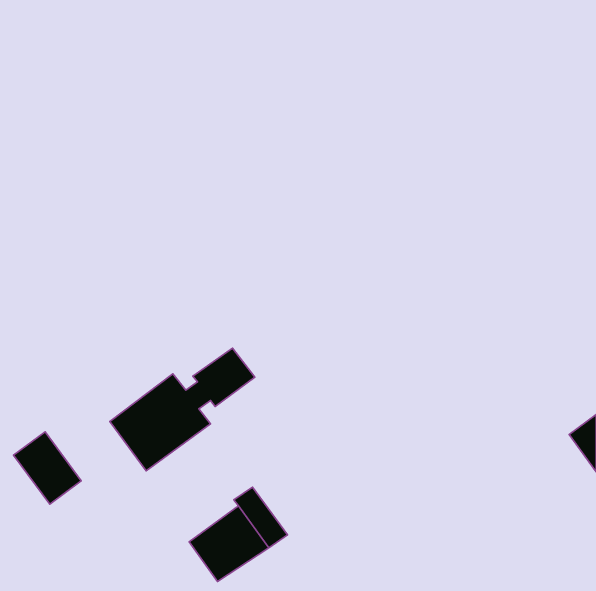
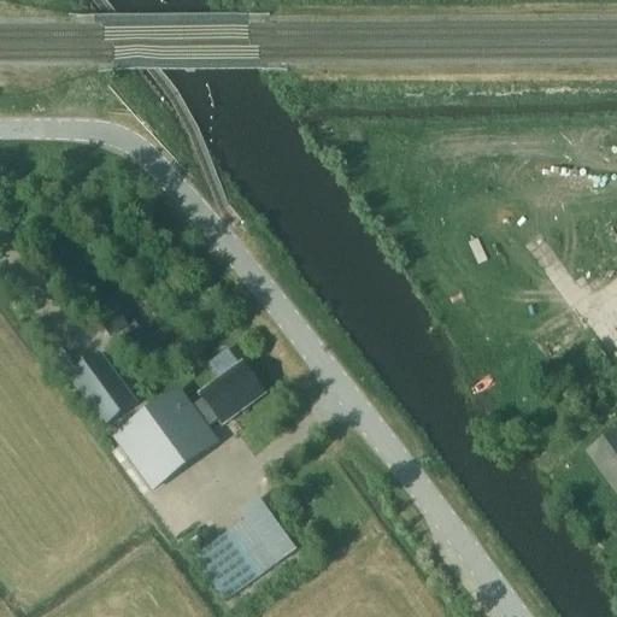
building: [13,432,81,504] -> [66,348,136,423]

